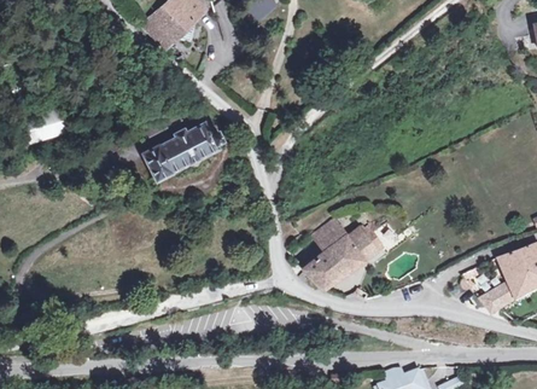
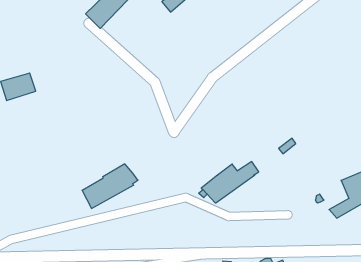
building: [142,118,221,181] -> [82,164,138,208]
building: [315,219,348,251] -> none

